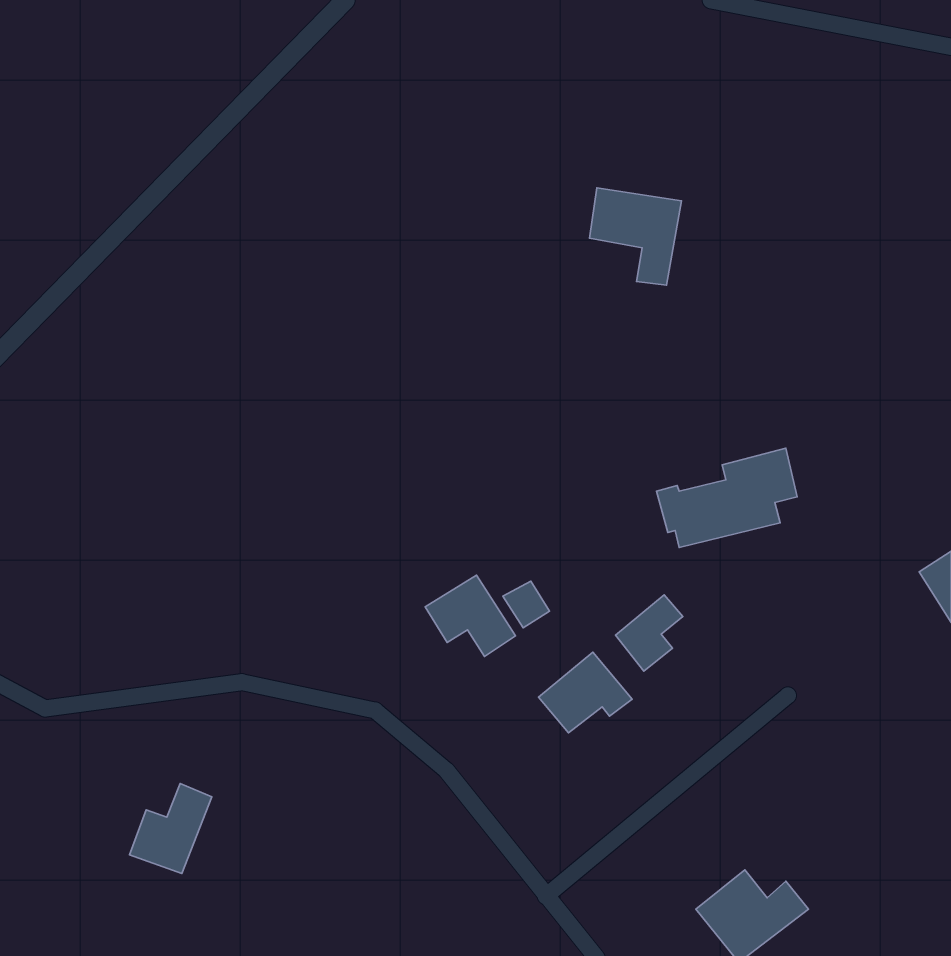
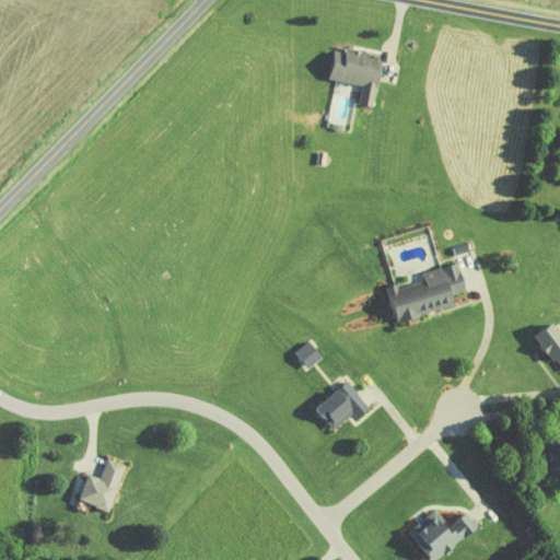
building: [589,188,681,285] -> [328,49,382,106]
building: [425,575,516,656] -> none
building: [616,595,683,671] -> none

